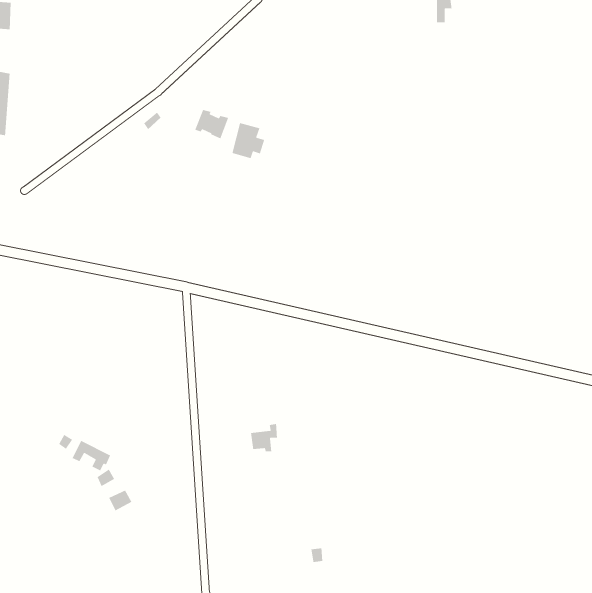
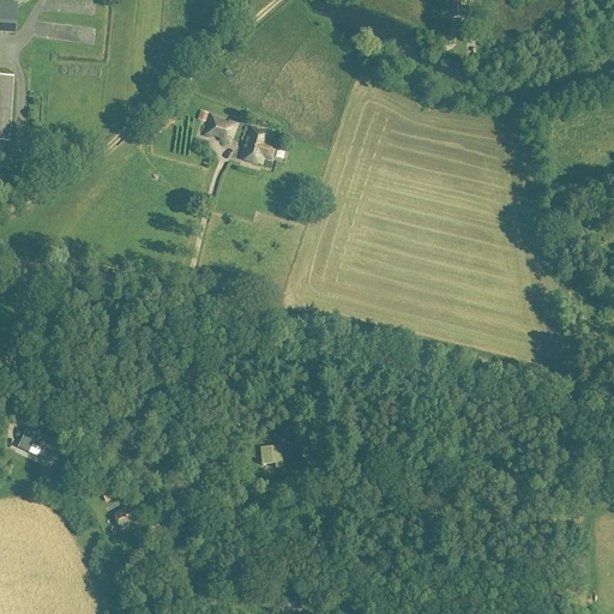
building: [72,440,111,471] -> [17,427,58,459]

